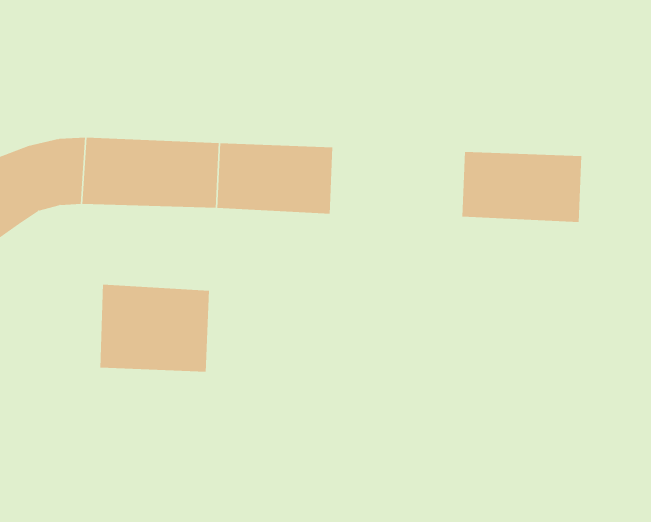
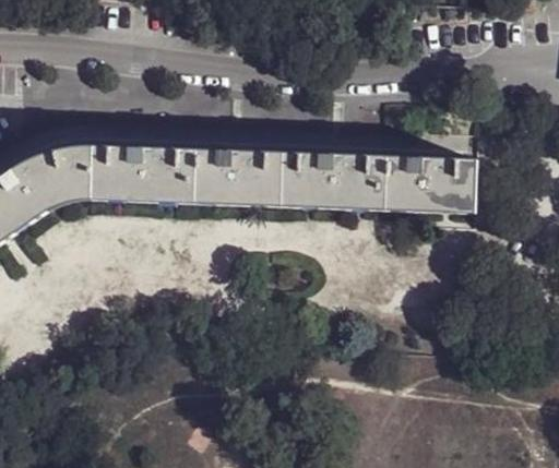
building: none -> [282,154,384,207]
building: [100,284,209,373] -> none

